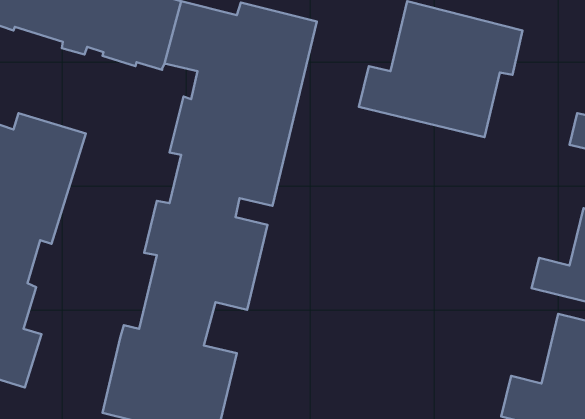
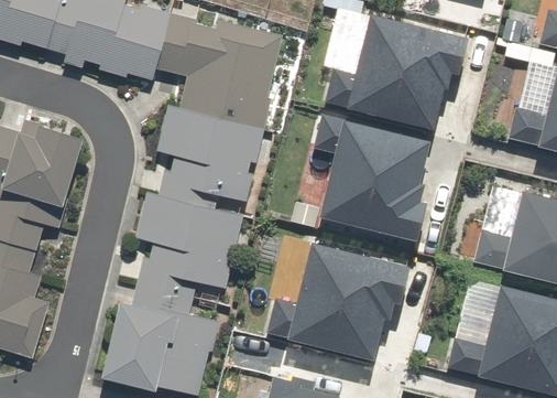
building: none -> [314,116,429,244]
building: none -> [264,244,407,362]

